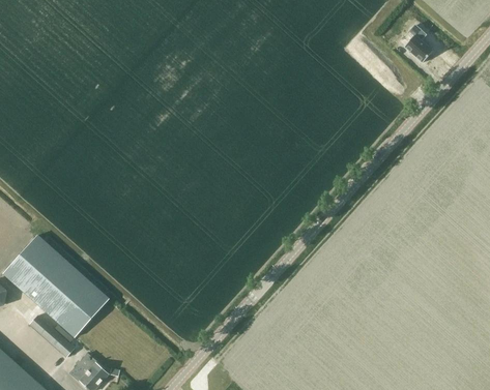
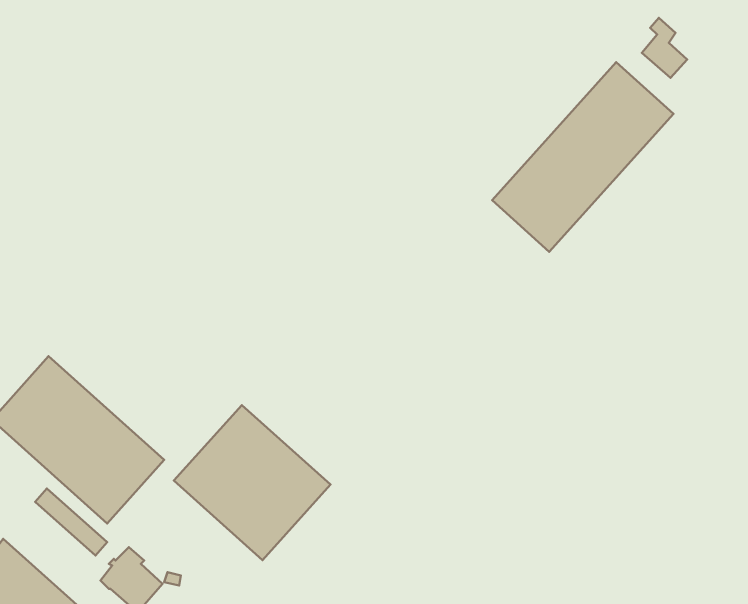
building: none -> [492,62,673,252]
building: none -> [174,405,330,560]

